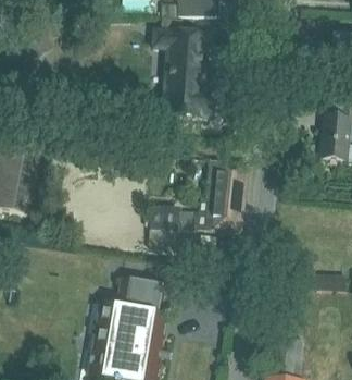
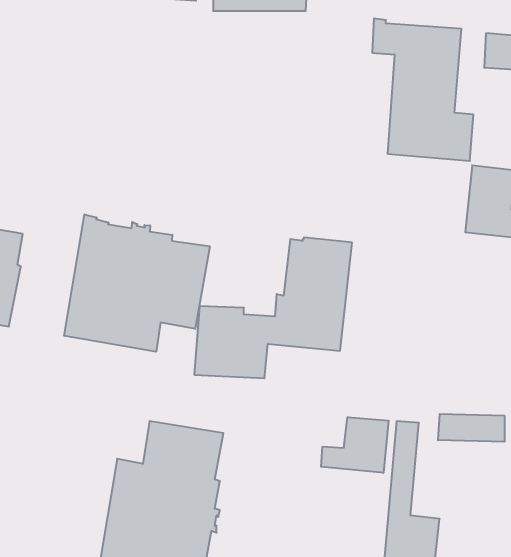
building: [151,28,215,119] -> [372,18,473,161]
building: none -> [64,214,210,352]
building: none -> [321,417,389,473]

